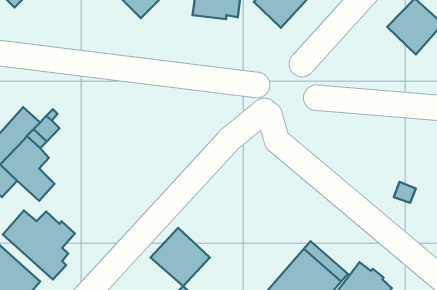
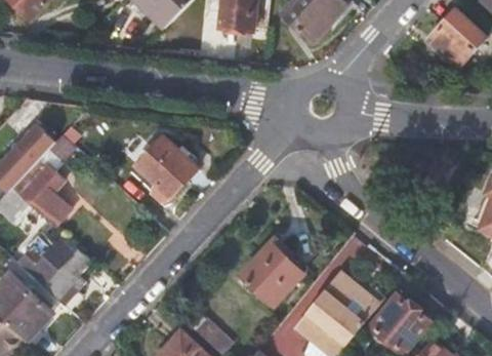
building: none -> [132,134,198,205]
building: [150,228,210,286] -> [239,242,302,305]

